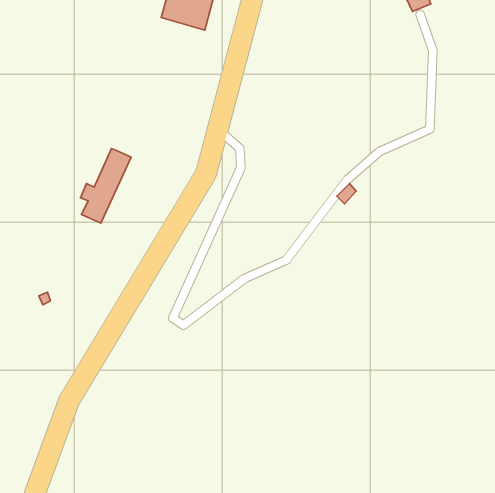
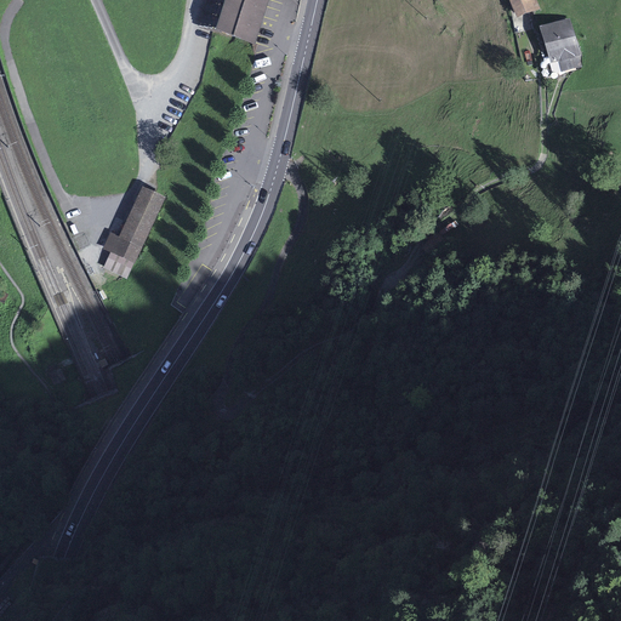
building: none -> [539,15,580,70]

